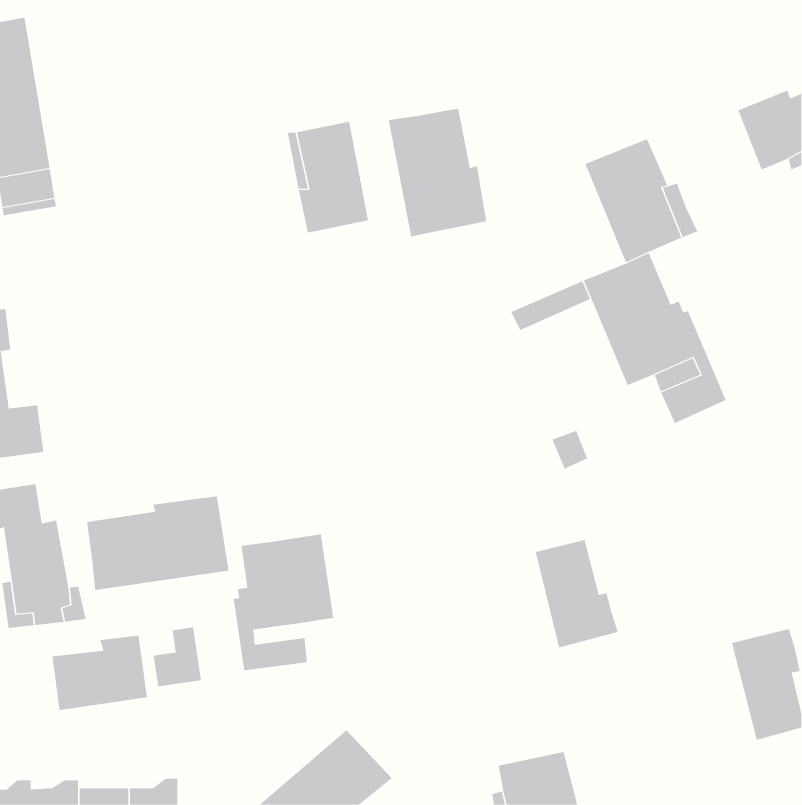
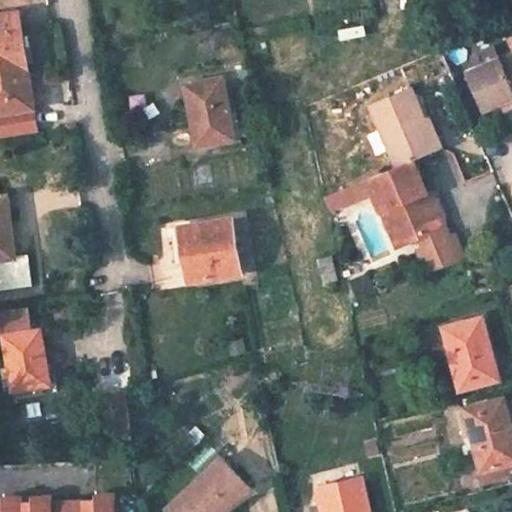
building: [388,108,487,237] -> none
building: none -> [179,219,239,281]
building: [87,496,229,591] -> none
building: [233,534,334,671] -> none
building: [535,539,618,648] -> [443,320,496,389]
building: [52,635,147,711] -> none

